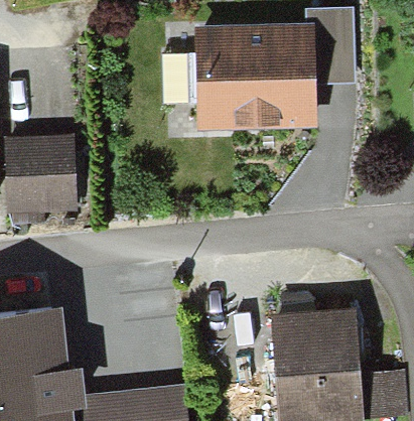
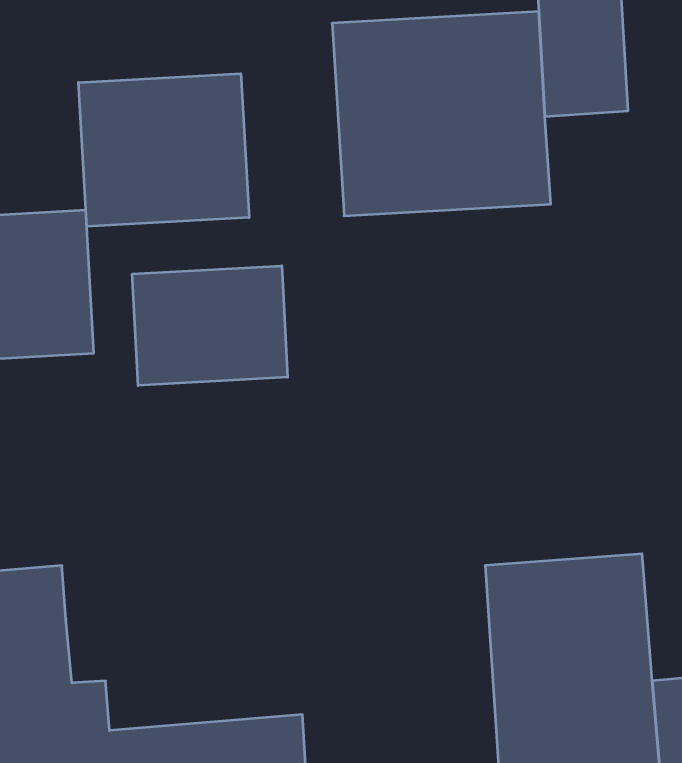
building: none -> [78,74,249,226]
building: none -> [132,266,288,386]

